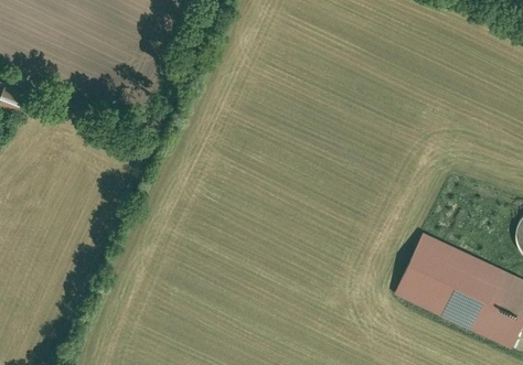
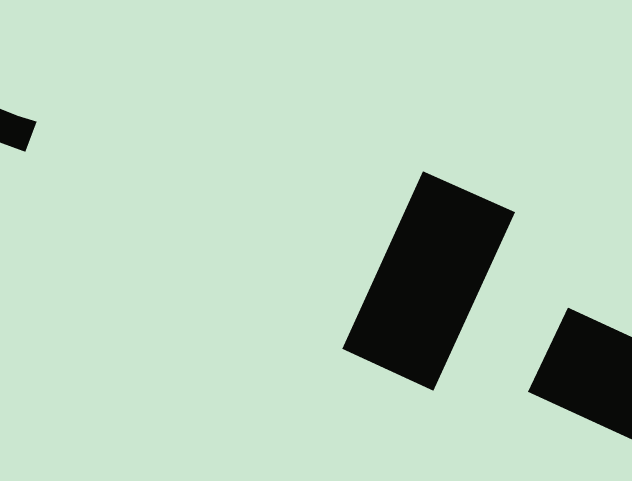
building: none -> [341,170,516,392]

